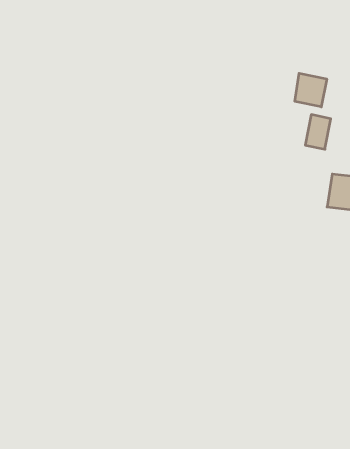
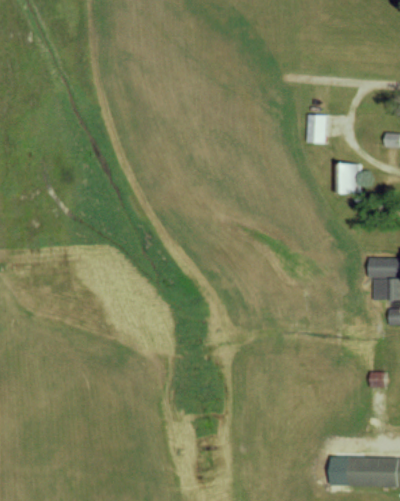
building: [295,73,327,107] -> none

